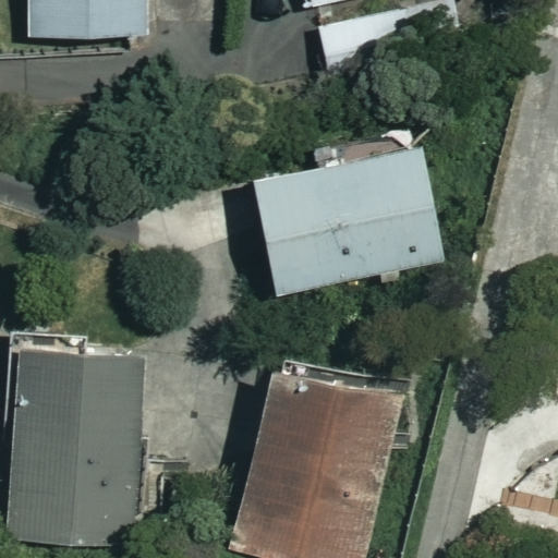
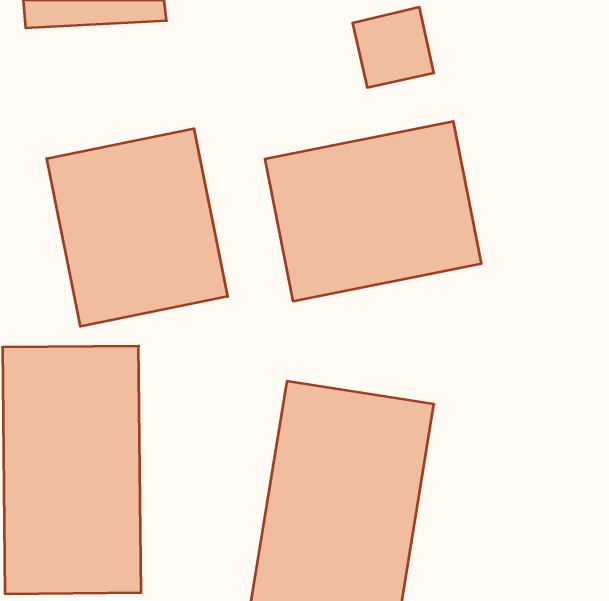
building: none -> [47,129,228,326]

